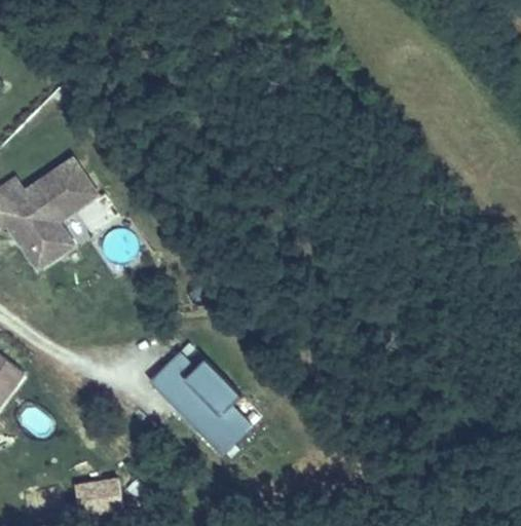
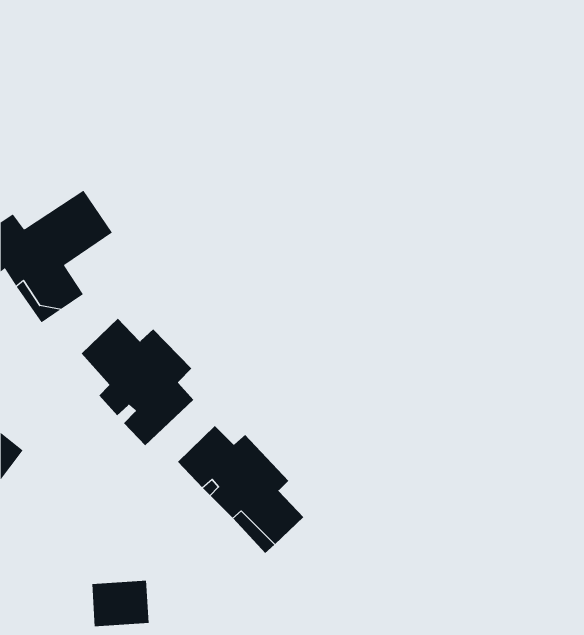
building: none -> [81,318,194,446]

